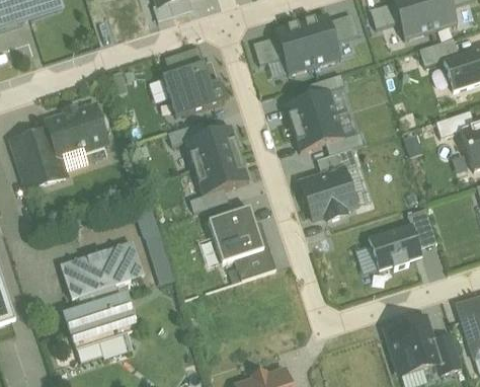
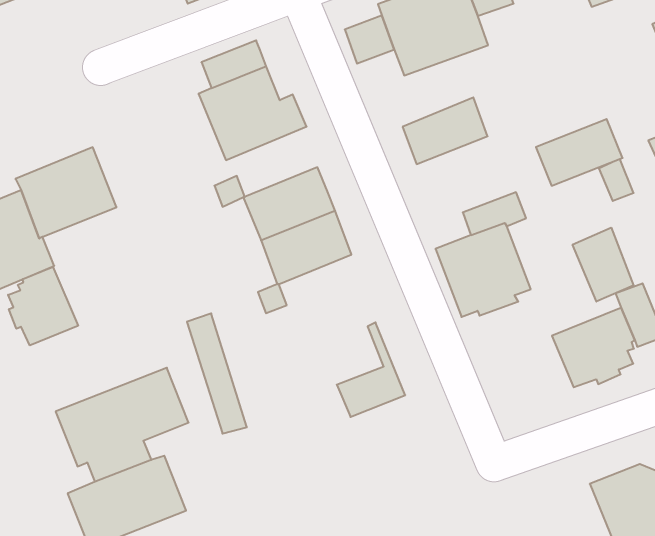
building: [292,113,344,152] -> [536,119,623,186]
building: none -> [573,228,634,302]
building: none -> [8,267,78,345]
building: [208,208,263,263] -> none

